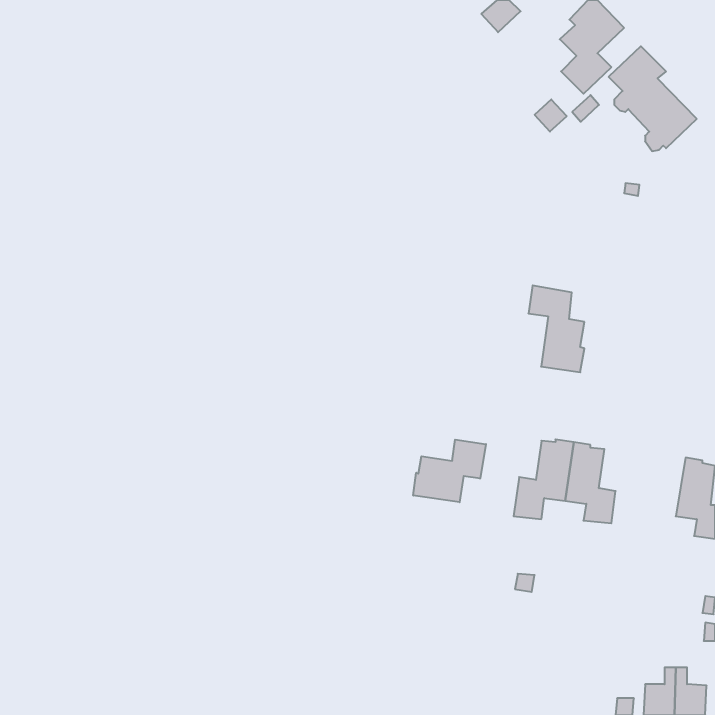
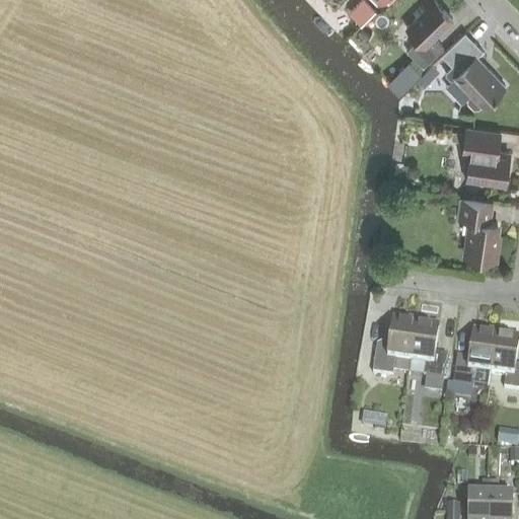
building: none -> [463,128,509,184]
building: [528,285,584,372] -> [456,198,497,261]
building: [413,440,486,502] -> none
building: none -> [444,330,497,401]

